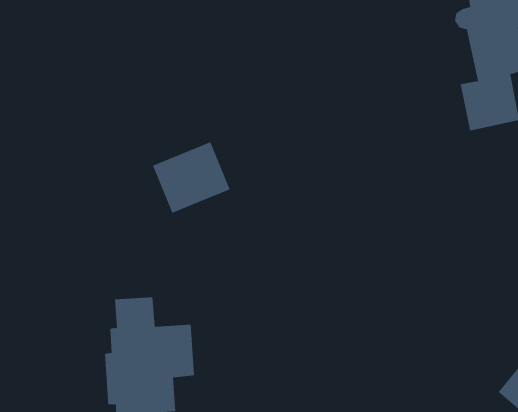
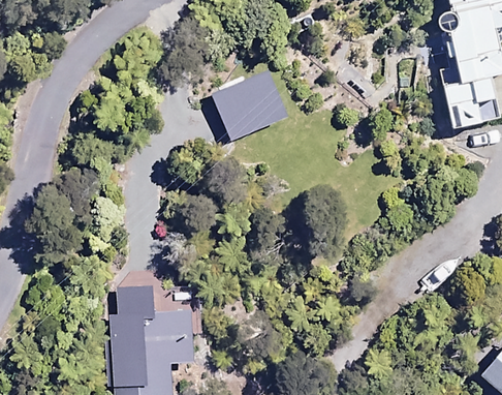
building: [152,142,231,214] -> [211,71,285,140]

